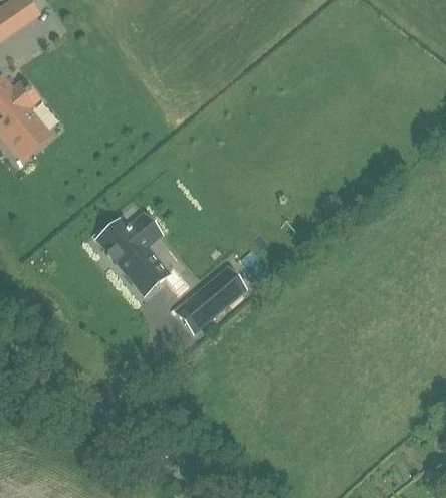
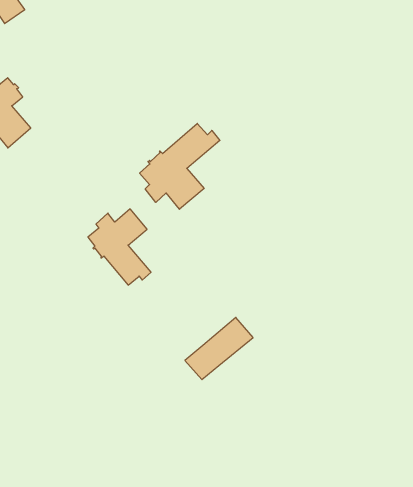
building: none -> [140,123,220,209]
building: [176,269,244,331] -> [185,317,253,380]

